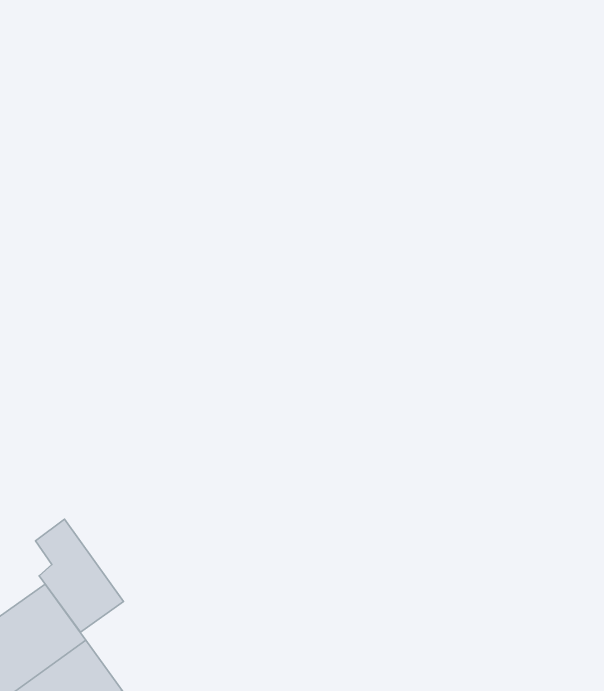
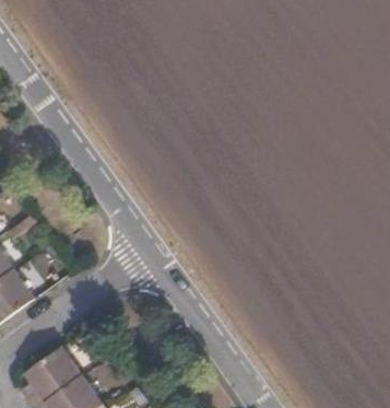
building: [35,519,124,632] -> none

